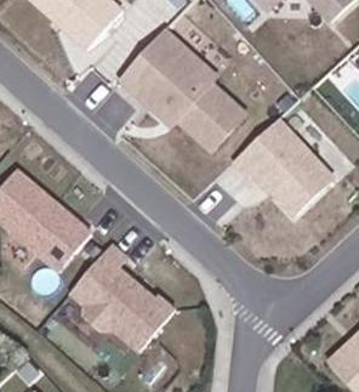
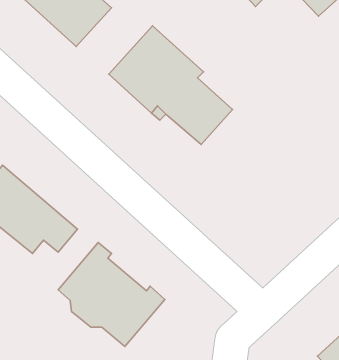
building: [233,118,332,214] -> none

